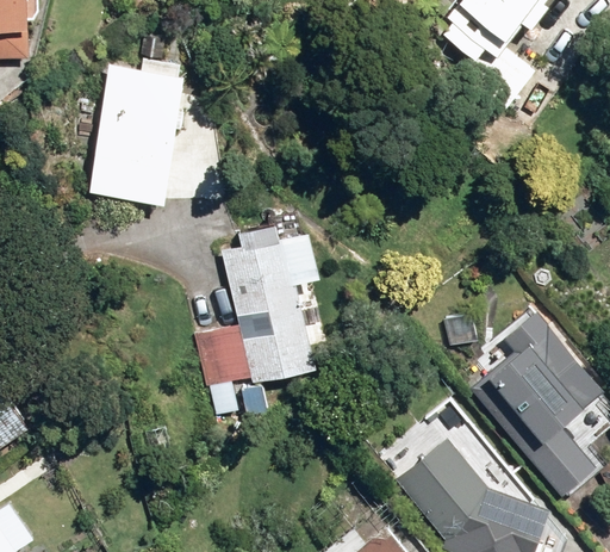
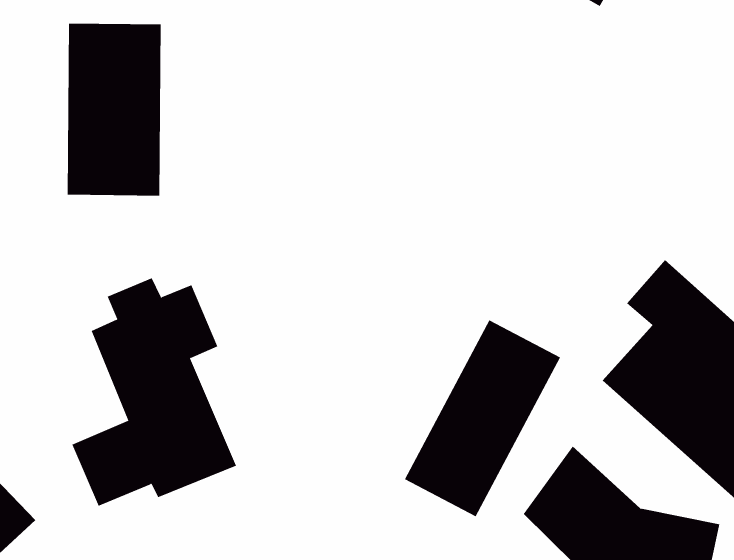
building: [195,221,316,385] -> [72,277,237,506]
building: none -> [404,319,561,517]

